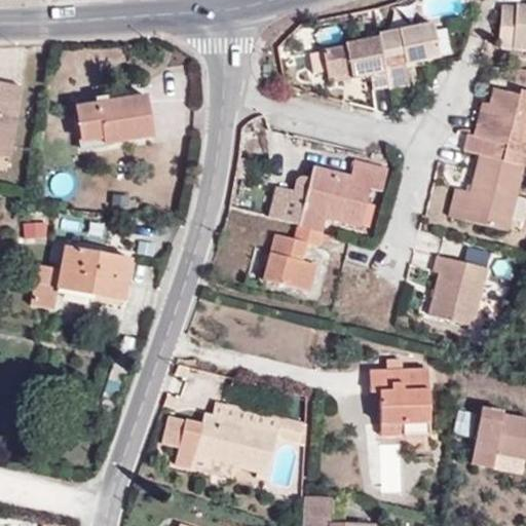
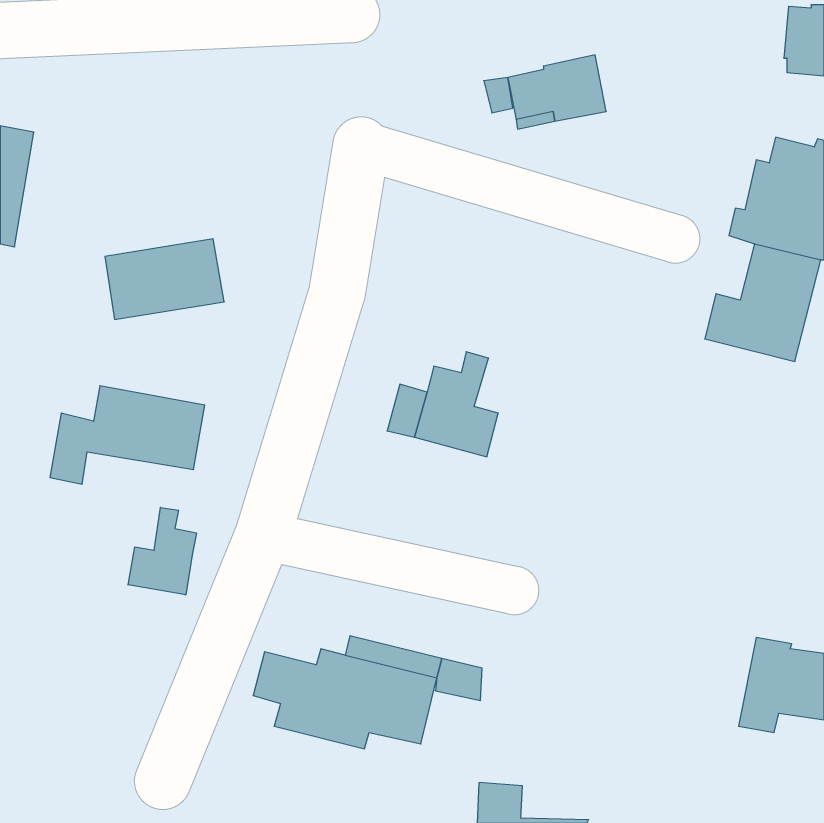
building: [379,23,440,87] -> none
building: [77,95,153,146] -> [105,239,224,319]
building: [286,159,387,231] -> none
building: [428,255,486,325] -> none
building: none -> [128,507,196,595]
building: [370,358,431,436] -> none

